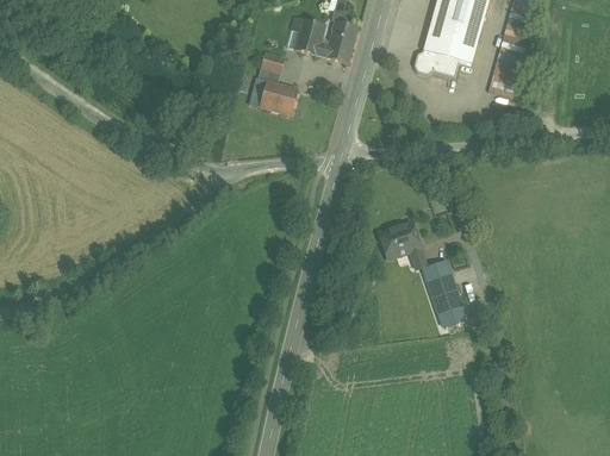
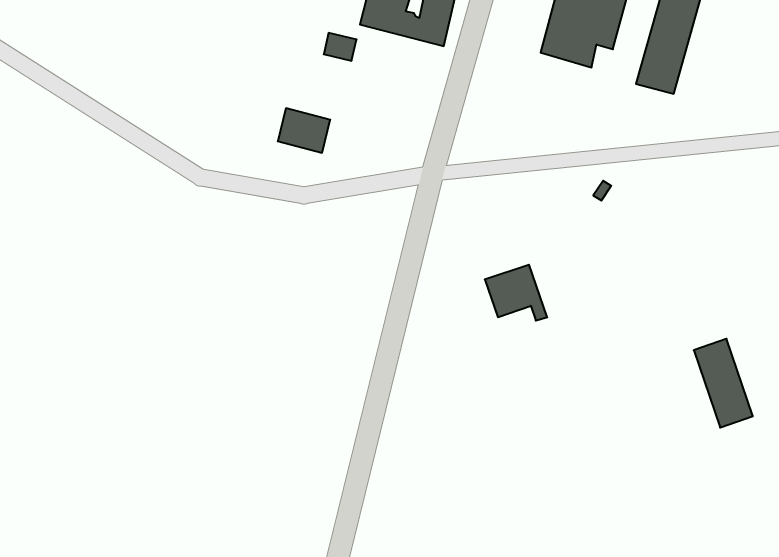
building: [257,81,295,113] -> [278,108,330,153]
building: [422,258,465,323] -> [694,339,753,428]

